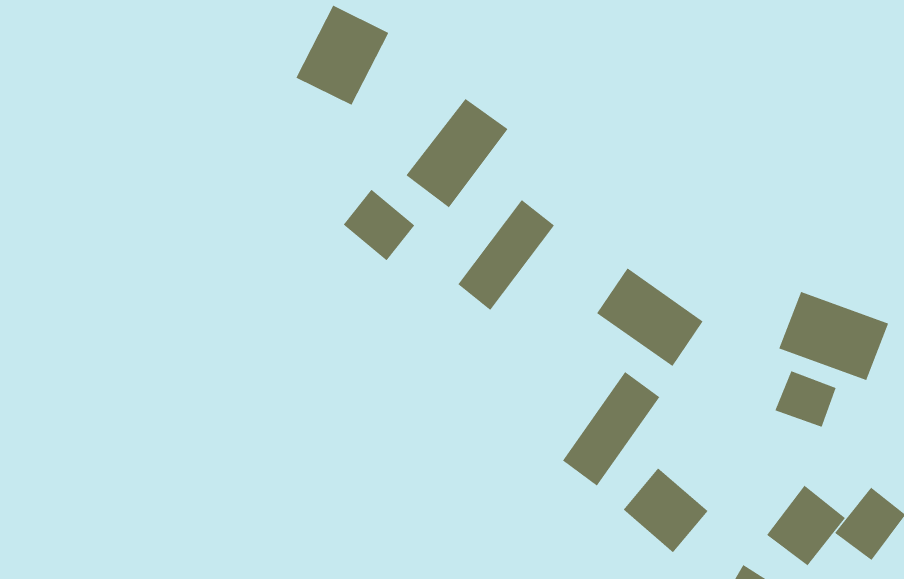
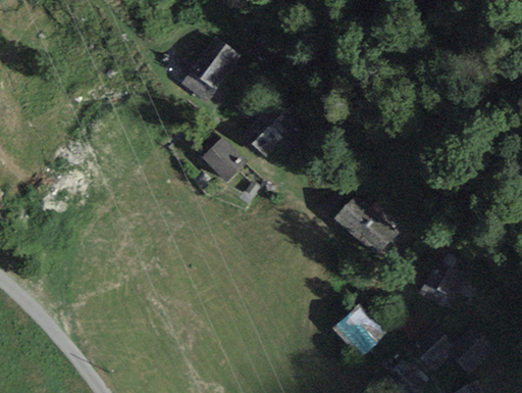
building: [457,199,555,311] -> none
building: [778,291,889,381] -> none
building: [562,371,660,486] -> none

